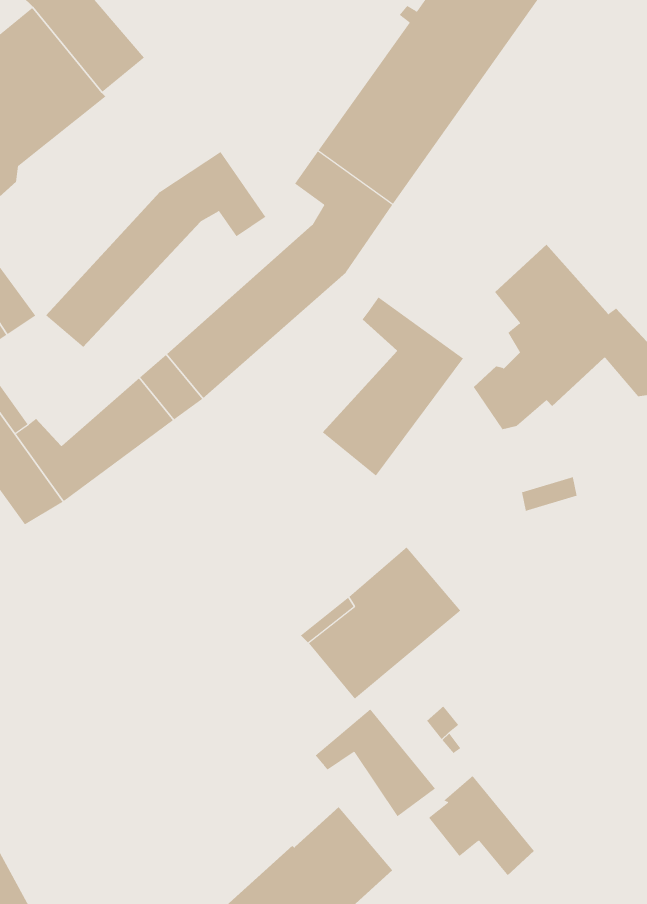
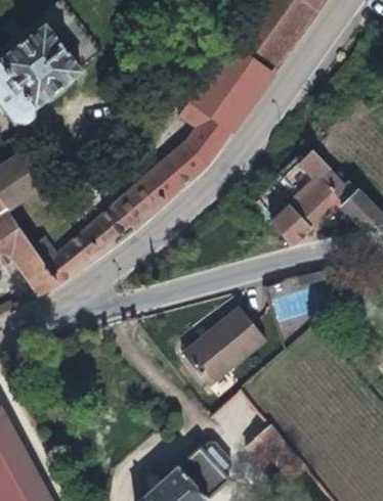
building: [45,151,266,348] -> none
building: [322,297,464,476] -> none
building: [315,709,436,817] -> none

